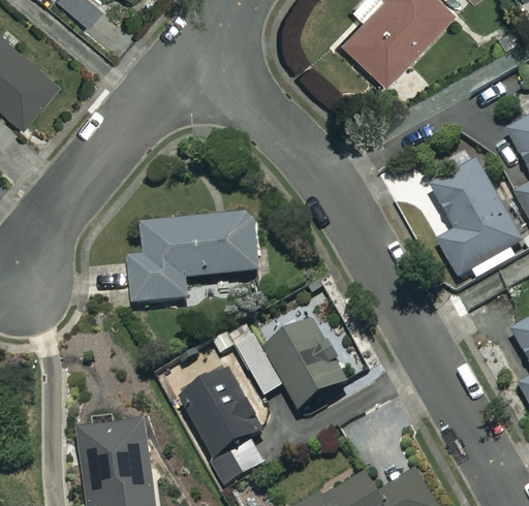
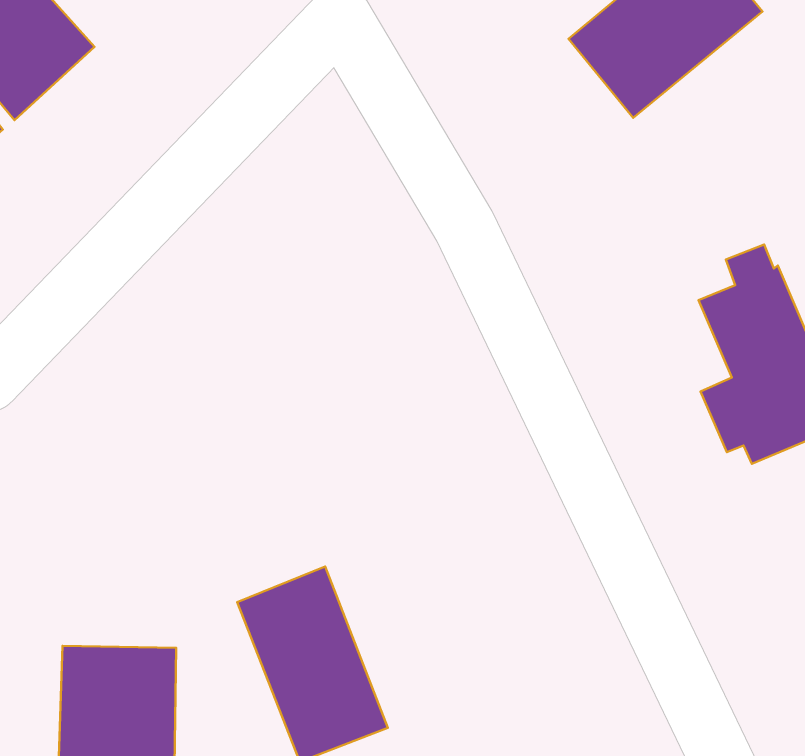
building: [128,216,259,303] -> none
building: [232,299,350,411] -> none

